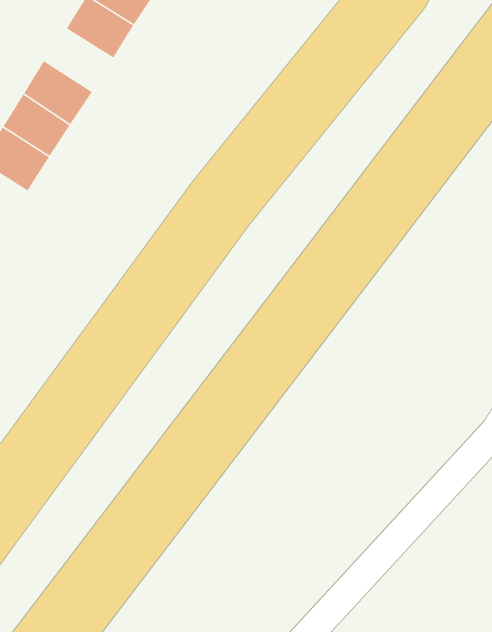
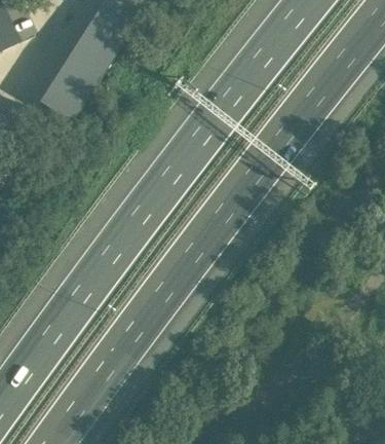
building: none -> [64,36,109,77]

